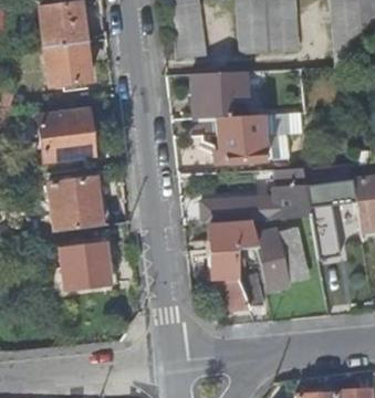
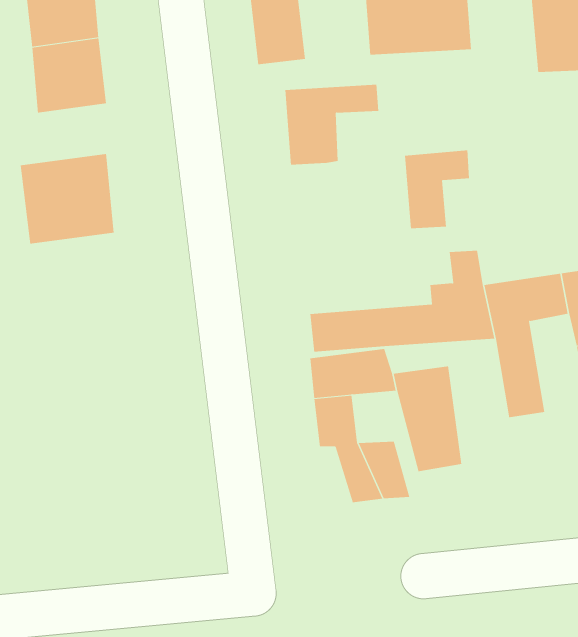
building: [217,111,264,156] -> none
building: [59,178,117,231] -> none
building: [62,243,111,292] -> none

